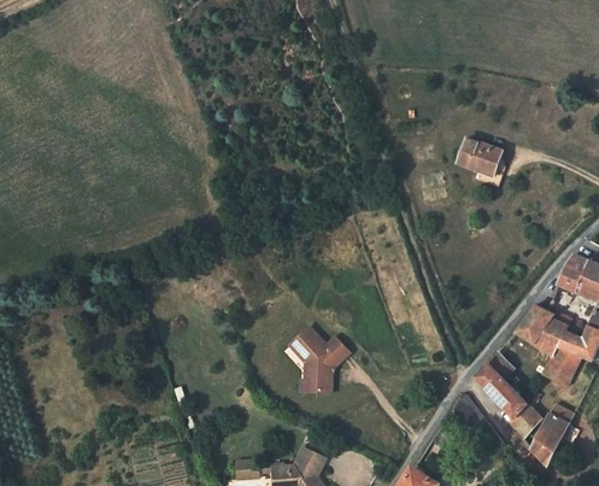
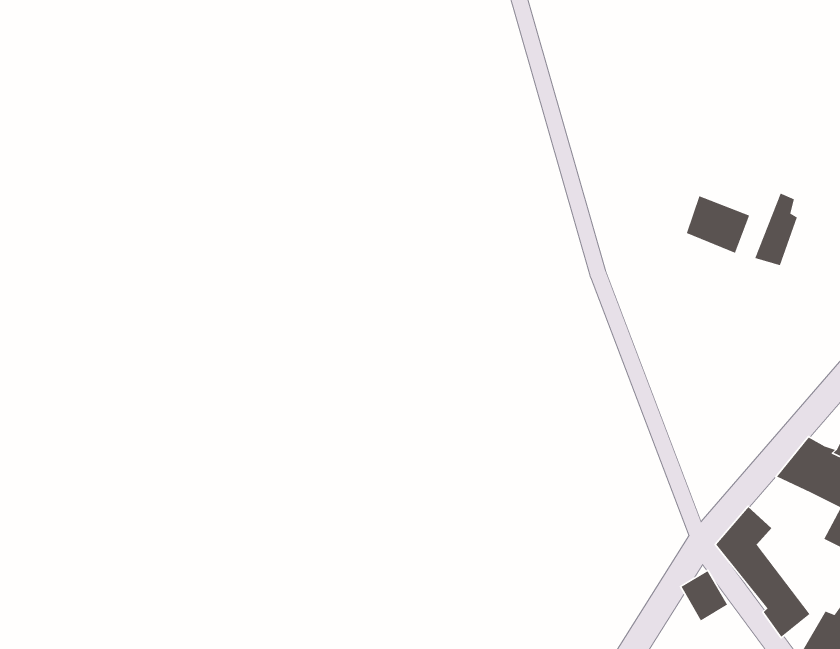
building: none -> [754,193,798,266]
building: [278,332,339,398] -> none

